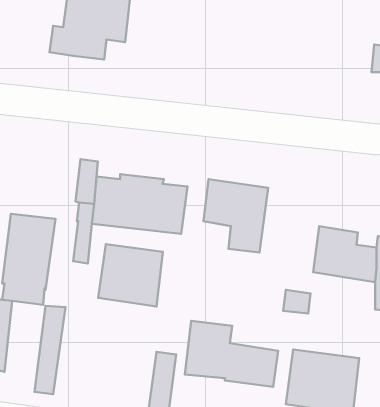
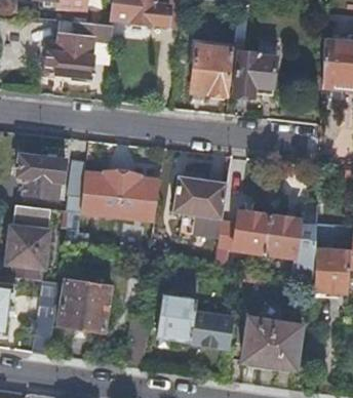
building: none -> [191,46,234,95]
building: none -> [233,51,277,96]
building: none -> [16,155,65,199]
building: none -> [233,210,268,252]
building: [98,244,163,307] -> [57,279,111,330]

